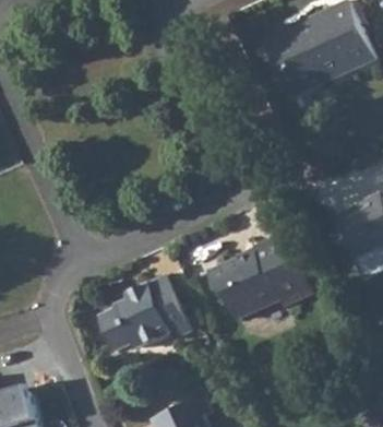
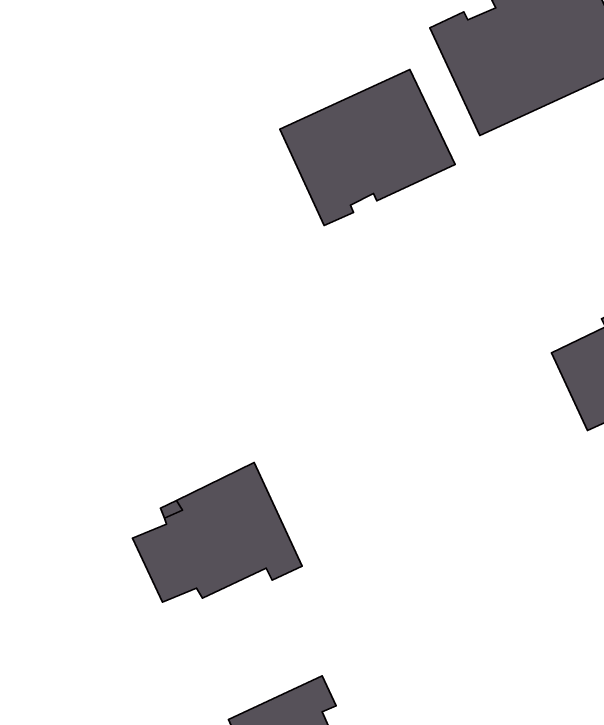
building: none -> [280,69,455,225]
building: [212,233,314,319] -> none

